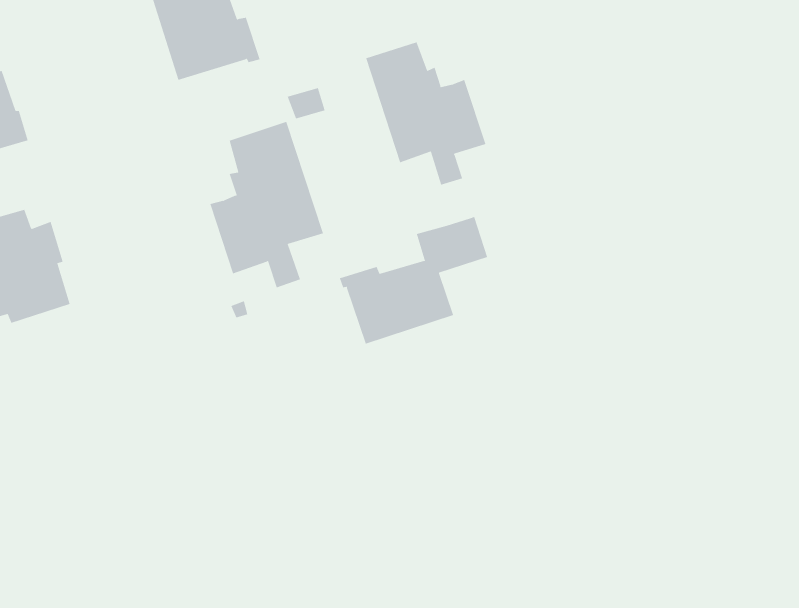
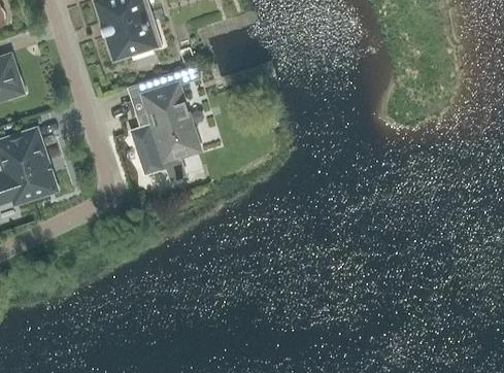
building: [366,41,486,186] -> none
building: [339,216,488,344] -> none

